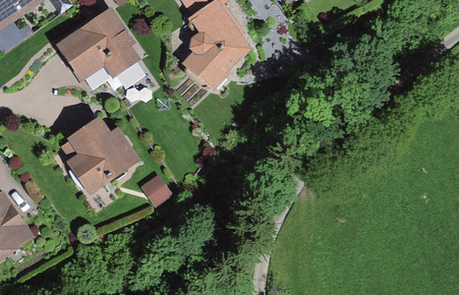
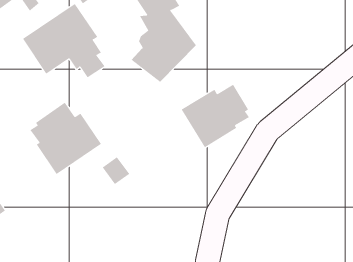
building: none -> [181,84,250,148]

